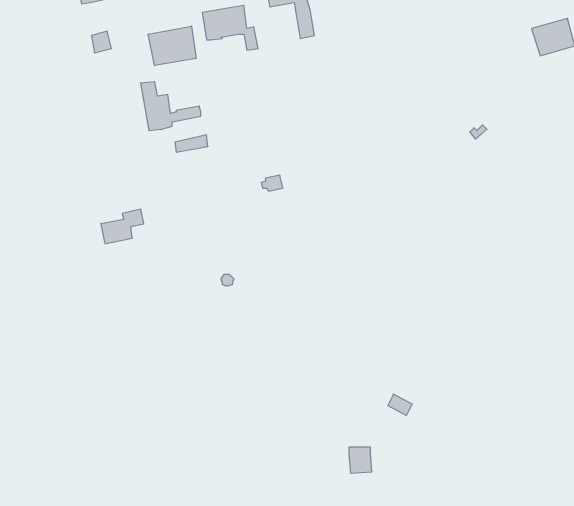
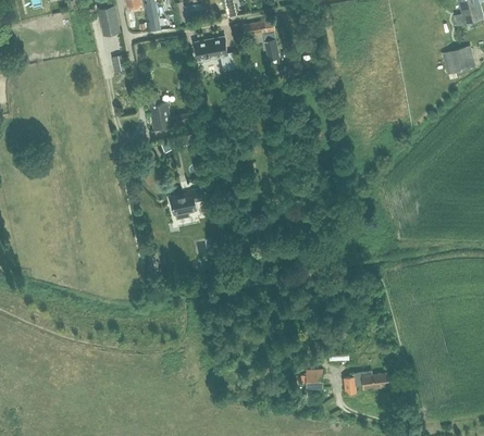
building: [148,26,196,66] -> none
building: [101,209,144,244] -> [171,188,203,214]
building: none -> [344,371,389,394]

